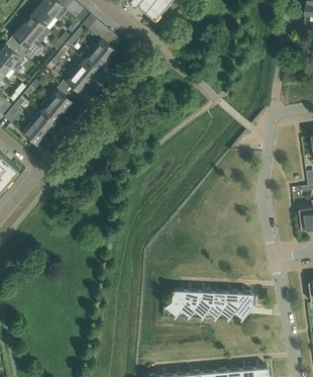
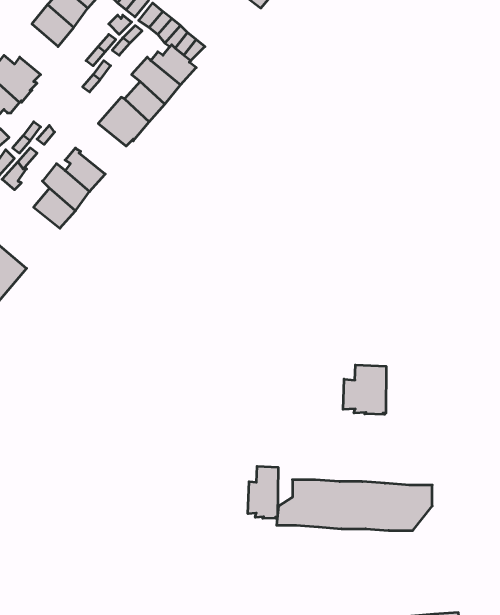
building: [13,26,42,60] -> none
building: [47,84,76,113] -> none
building: none -> [343,365,386,414]
building: none -> [248,466,278,519]

